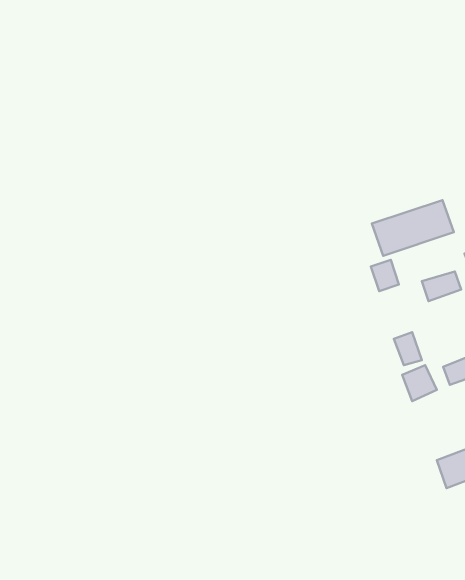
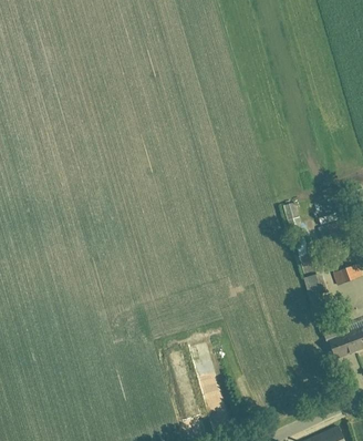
building: [372,200,454,256] -> none

